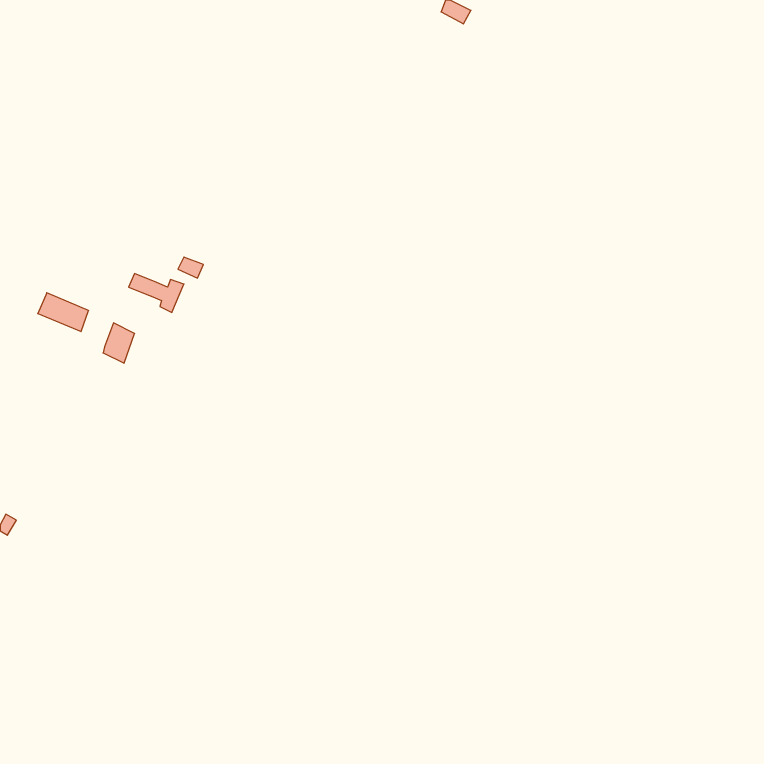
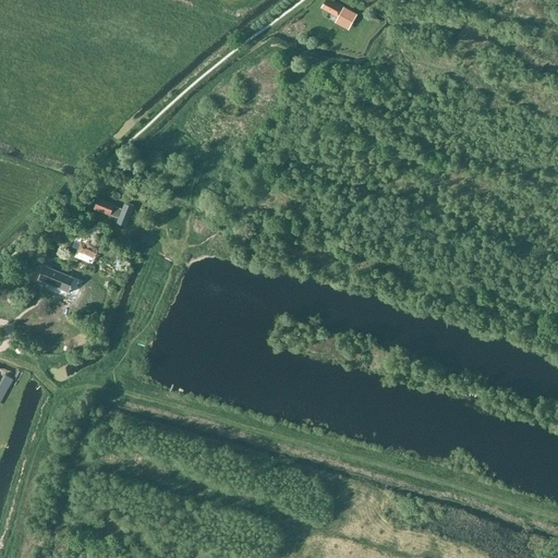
building: [38,293,89,332] -> [37,266,74,294]

